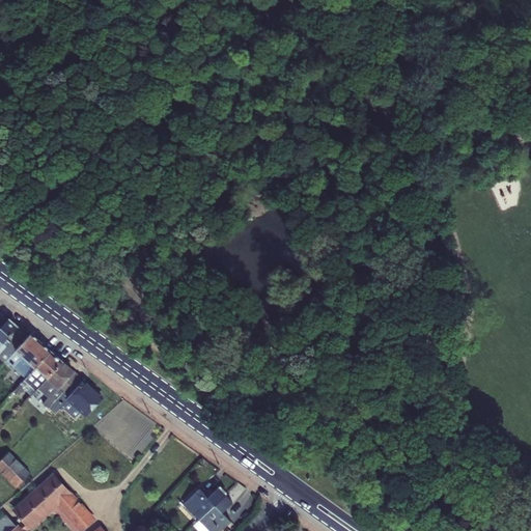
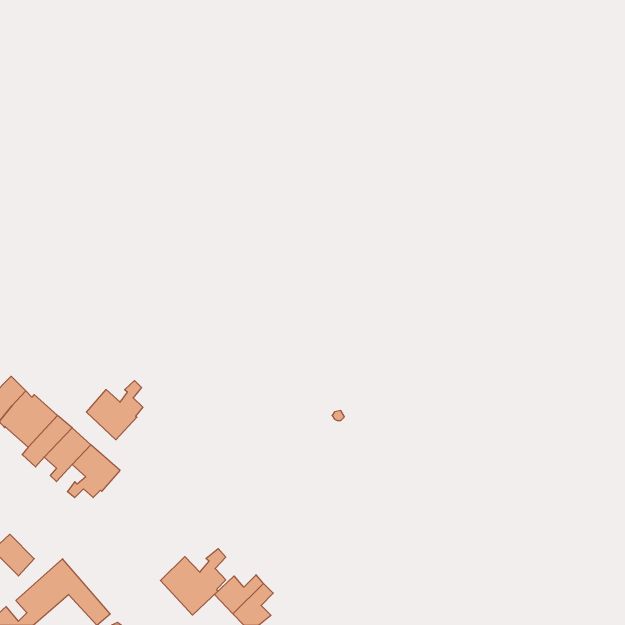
building: none -> [86,381,143,440]
building: none -> [160,549,226,615]

